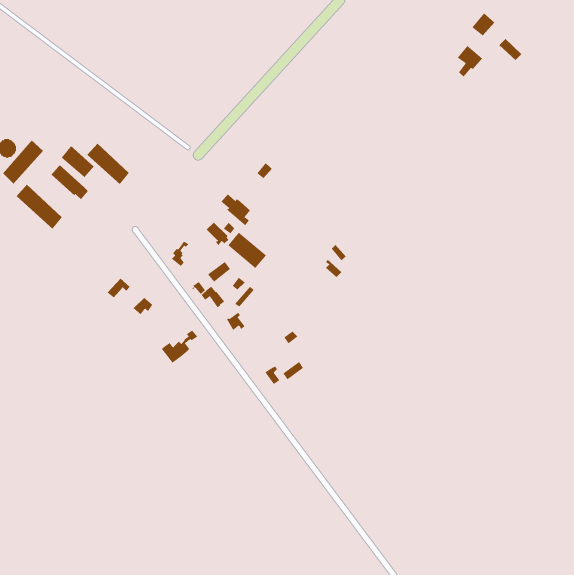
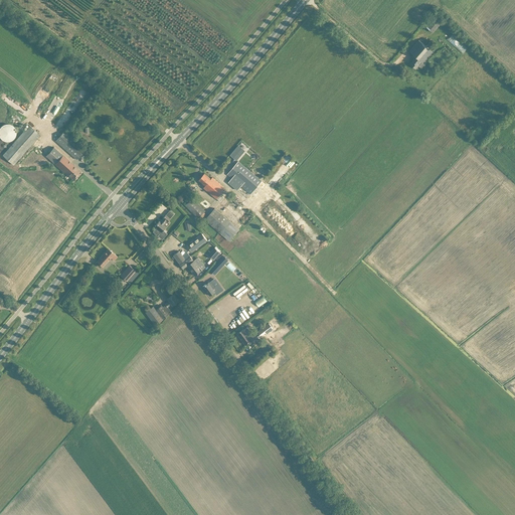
building: [87,143,130,185] -> none
building: none -> [226,161,261,194]
building: [16,184,62,229] -> none

